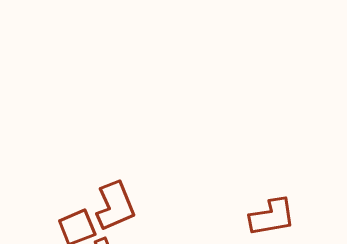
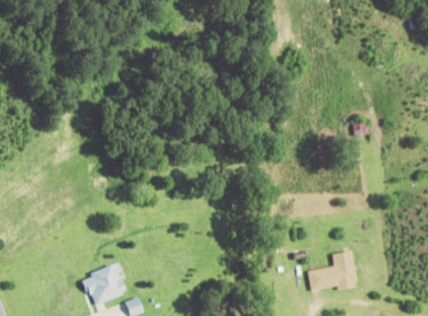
building: [96,181,134,228] -> none

